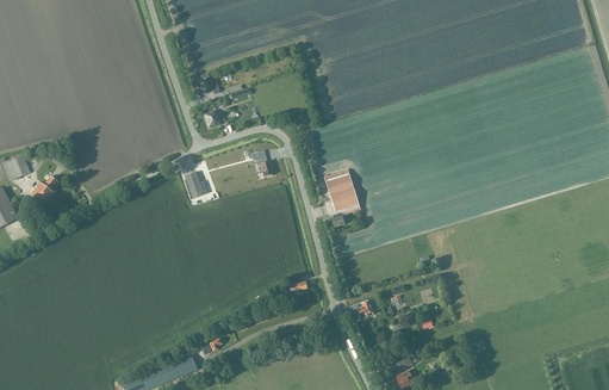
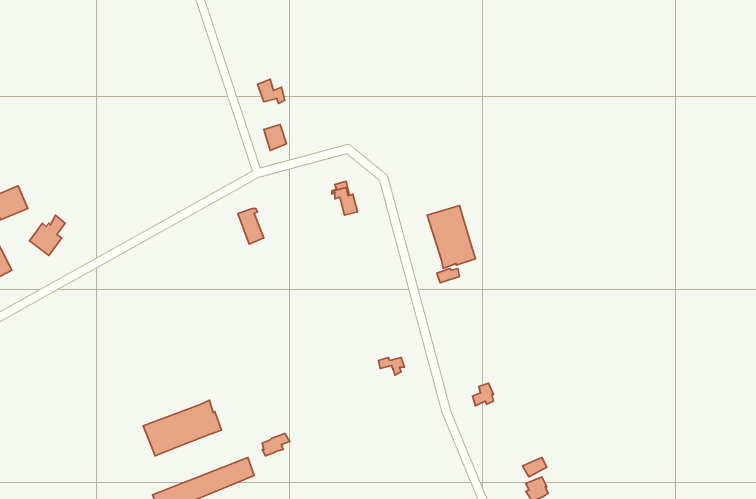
building: none -> [143,400,221,456]

